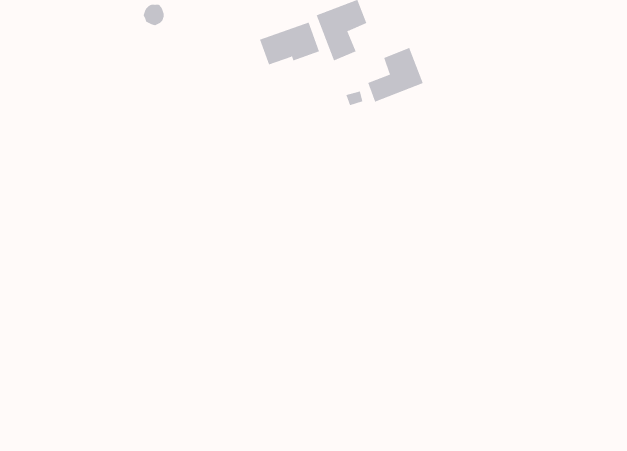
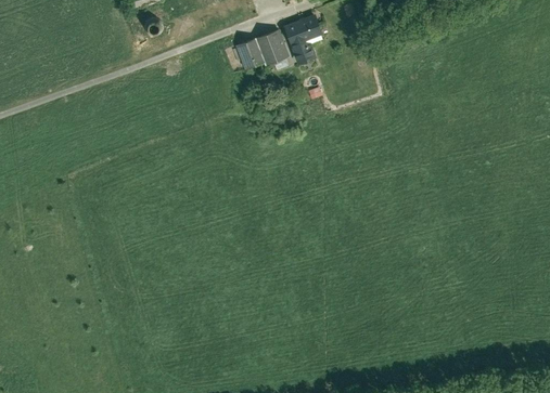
building: [367,47,424,103] -> none

